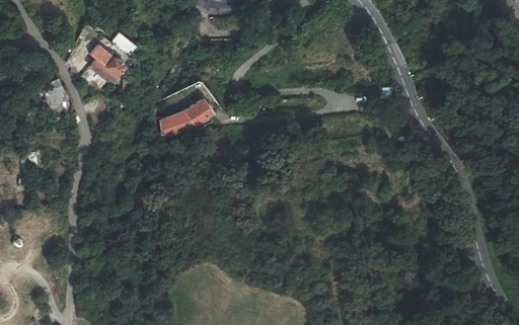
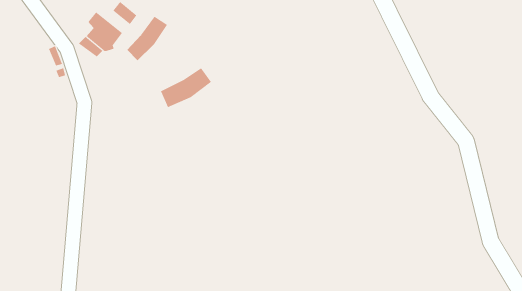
building: none -> [126,16,168,61]

